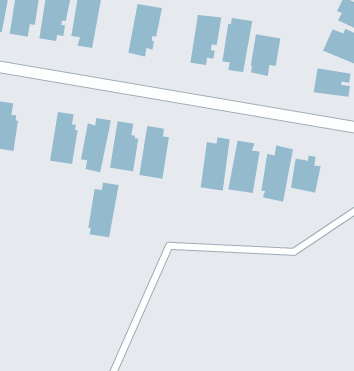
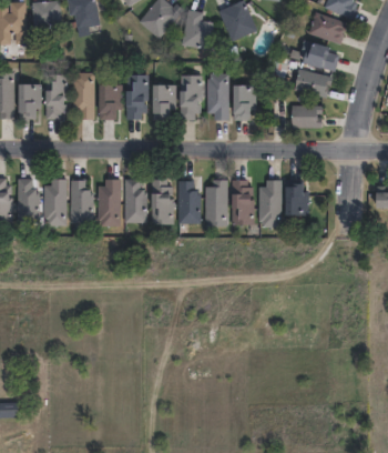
building: none -> [98,84,122,120]
building: none -> [152,77,176,120]
building: none -> [178,181,201,223]
building: [87,182,120,238] -> [44,179,67,226]

